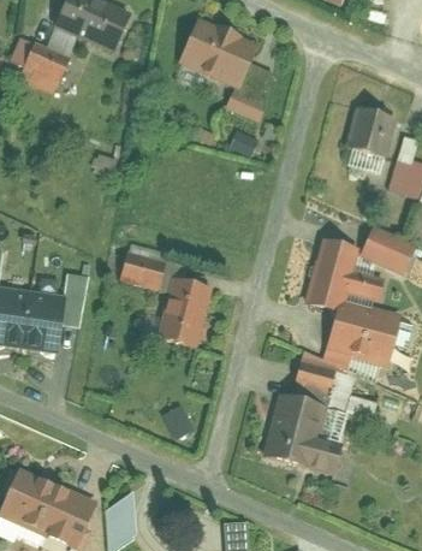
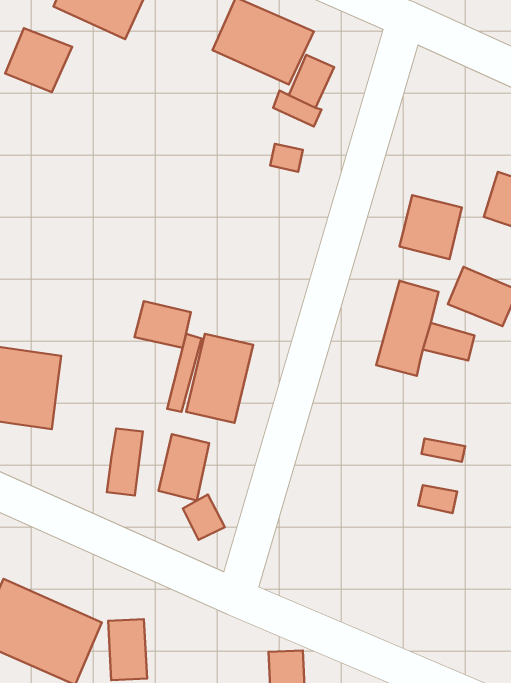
building: [347,106,396,155] -> [400,195,462,259]
building: [60,273,88,325] -> [107,428,143,495]
building: [328,300,400,362] -> none
building: none -> [159,434,209,501]
building: [293,359,337,395] -> none
building: [262,392,343,472] -> none

